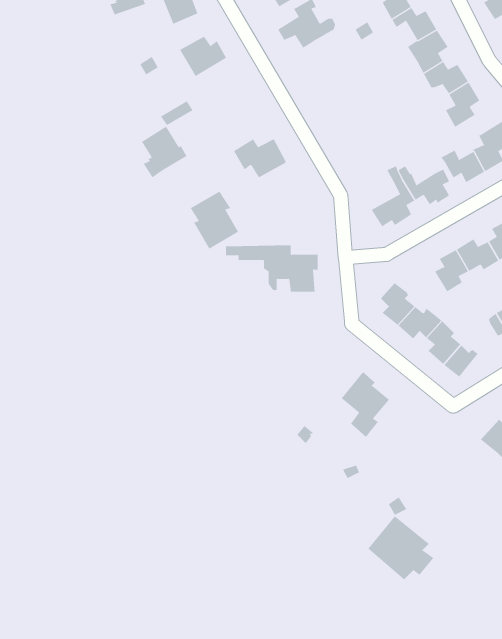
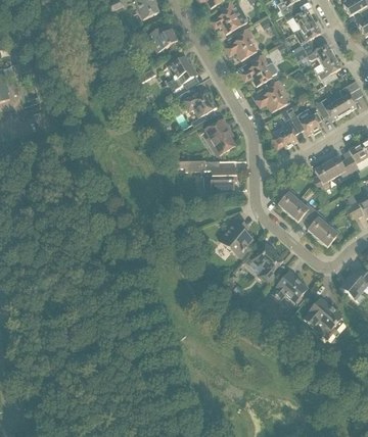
building: none -> [224,28,257,59]
building: none -> [239,53,277,86]
building: none -> [255,77,287,111]
building: [141,126,187,178] -> [168,55,197,89]
building: [190,191,239,249] -> [203,118,235,156]
building: none -> [222,218,251,256]
building: none -> [270,271,307,302]
building: [368,515,434,580] -> [303,297,346,339]

